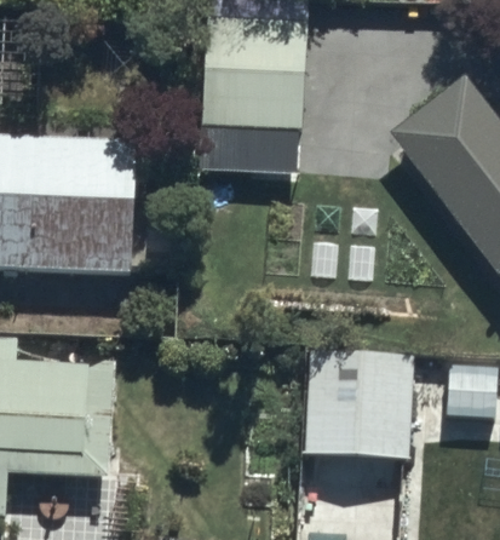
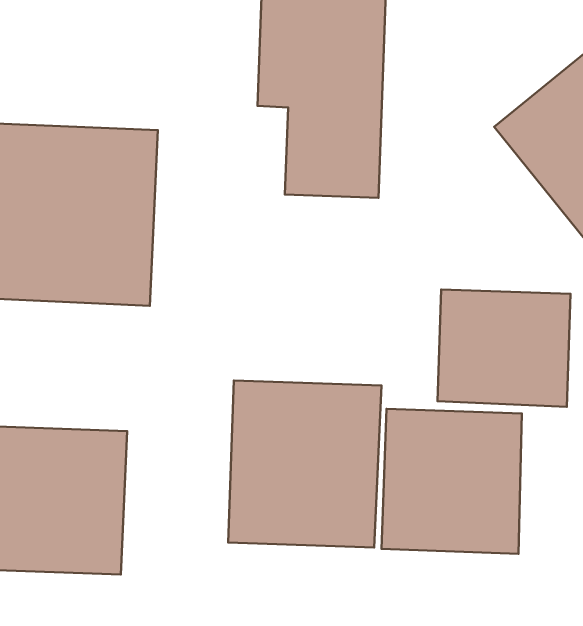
building: none -> [437,289,571,407]
building: none -> [228,381,381,547]

